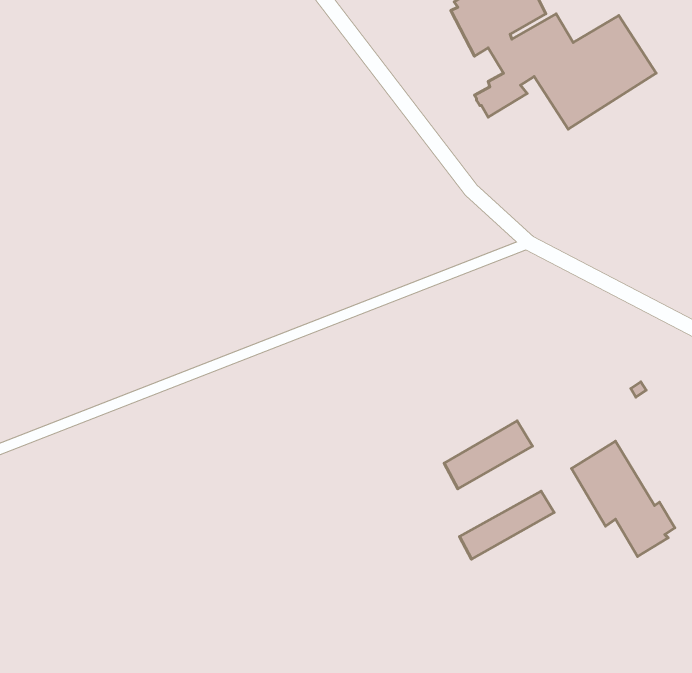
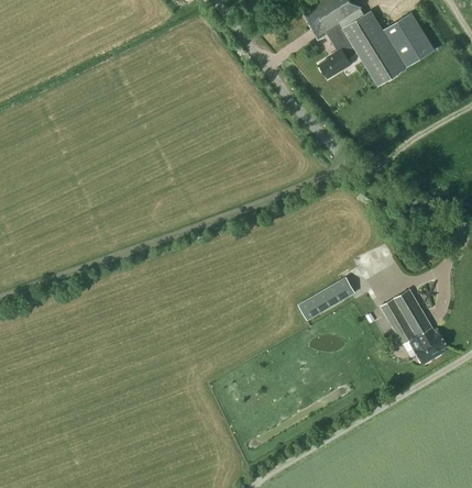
building: [460,491,554,559] -> none

